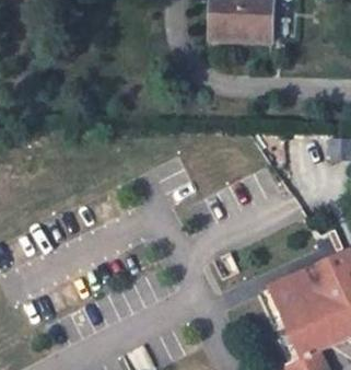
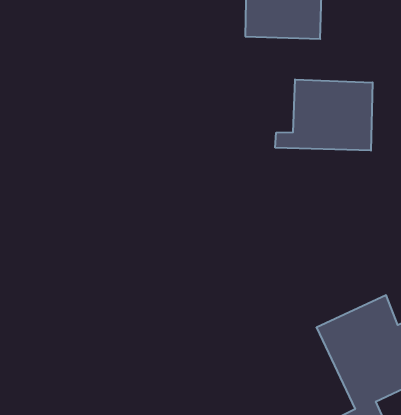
building: none -> [275,79,373,151]

